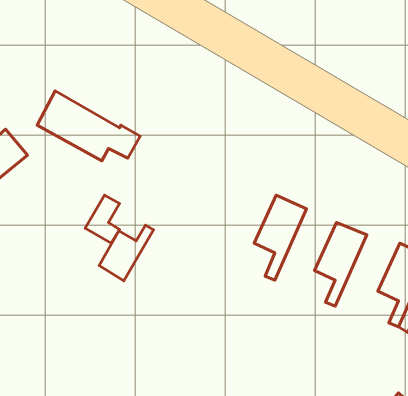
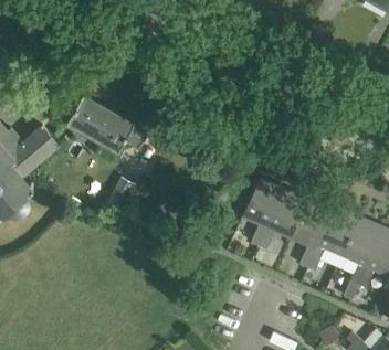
building: none -> [259,190,308,251]
building: [99,225,153,281] -> none
building: none -> [307,206,359,273]

